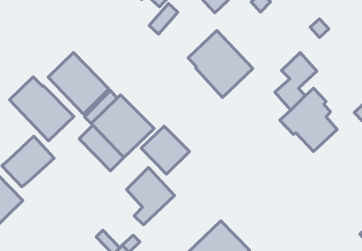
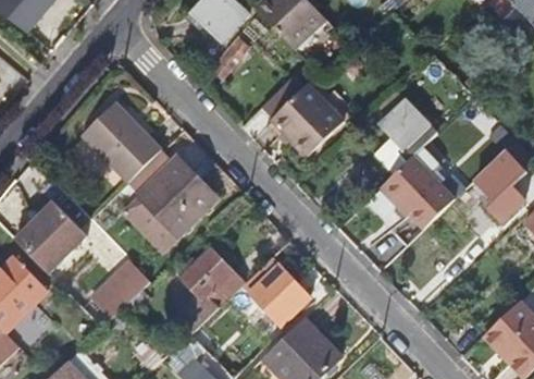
building: [10,77,74,141] -> none
building: [141,126,189,174] -> [249,264,311,326]
building: none -> [88,258,150,319]

